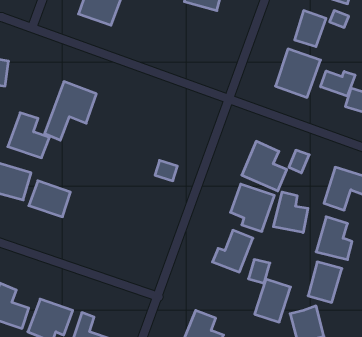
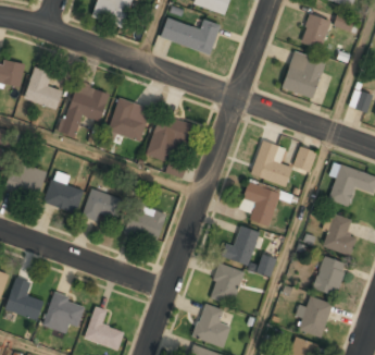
building: none -> [160,19,220,54]
building: [321,71,355,96] -> none
building: none -> [109,100,149,142]
building: [8,113,49,158] -> [23,68,63,111]
building: none -> [146,115,191,162]
building: none -> [82,188,123,222]
building: [273,192,308,233] -> none
building: none -> [125,204,166,242]
building: [255,279,291,322] -> [209,265,243,306]

